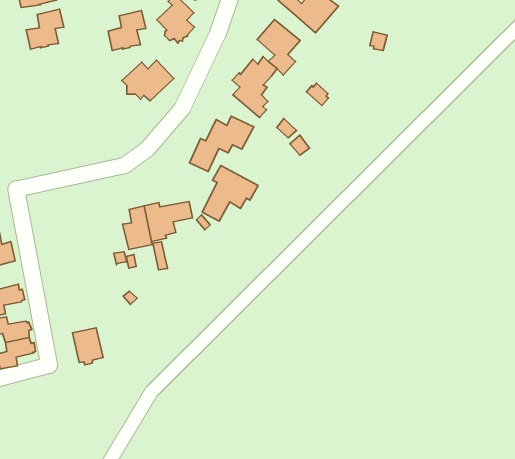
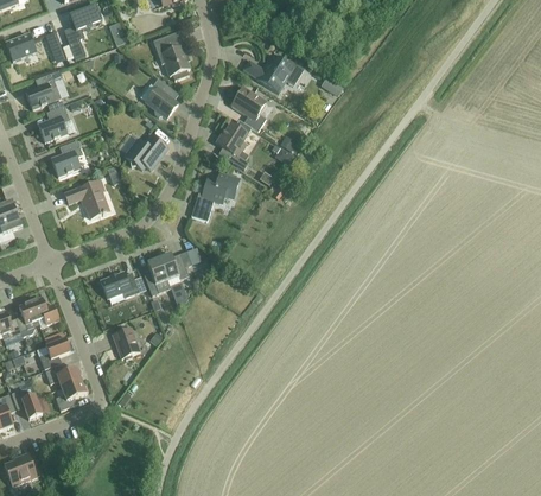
building: [108,11,146,51] -> [51,139,82,176]
building: none -> [63,179,108,217]
building: [202,165,258,221] -> none
building: none -> [98,271,138,298]
building: [72,328,103,365] -> [110,326,139,358]

